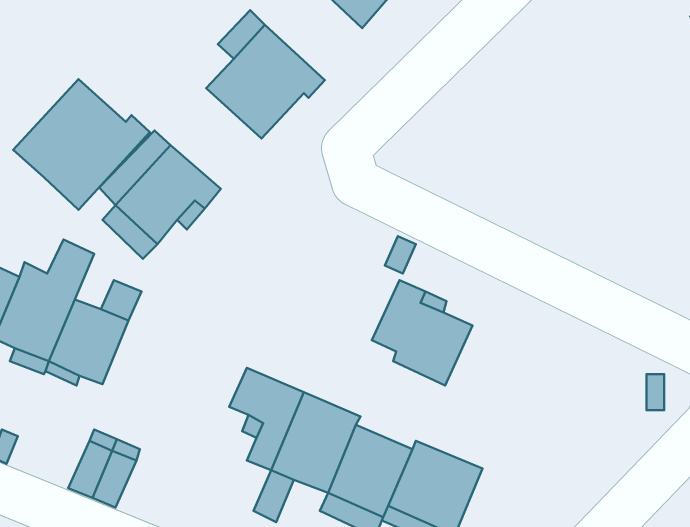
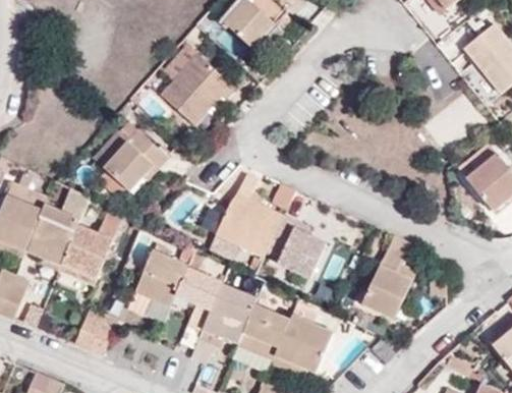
building: [13,79,150,210] -> none
building: none -> [209,176,282,261]
building: none -> [361,237,415,320]
building: none -> [127,249,187,323]

